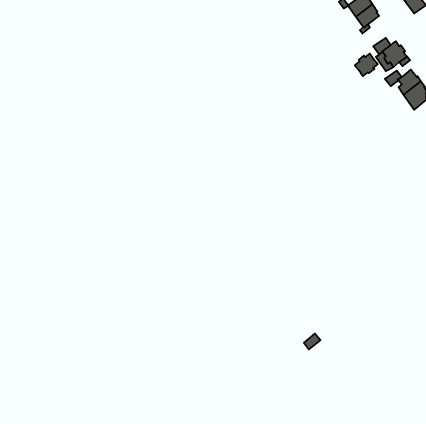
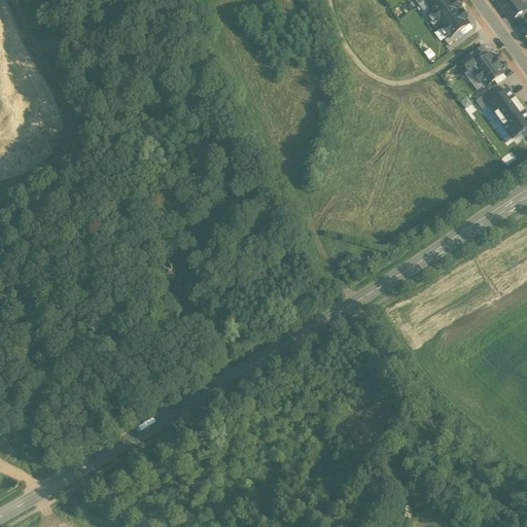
building: [355,53,378,76] -> none

